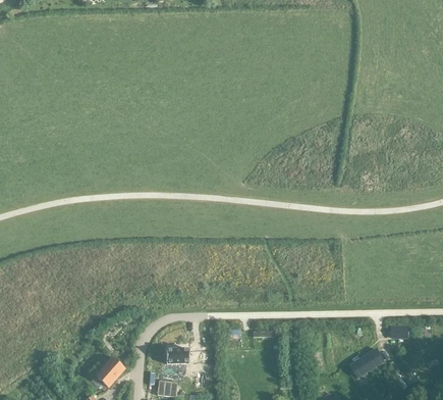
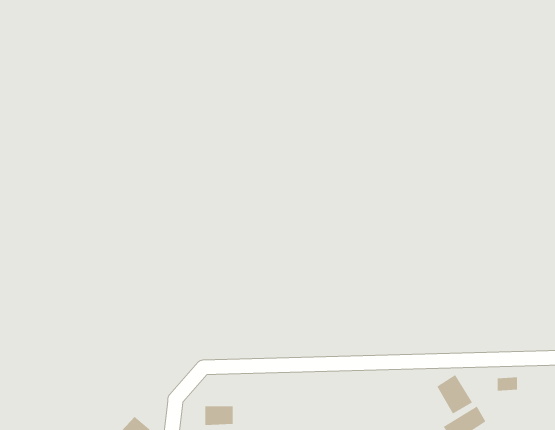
building: none -> [437,374,473,414]

